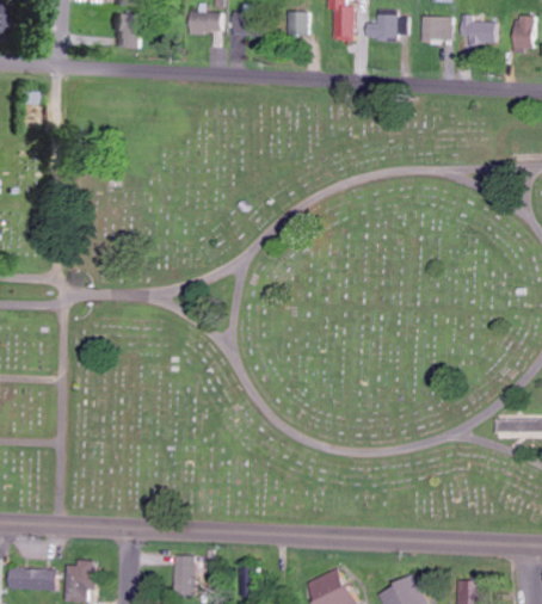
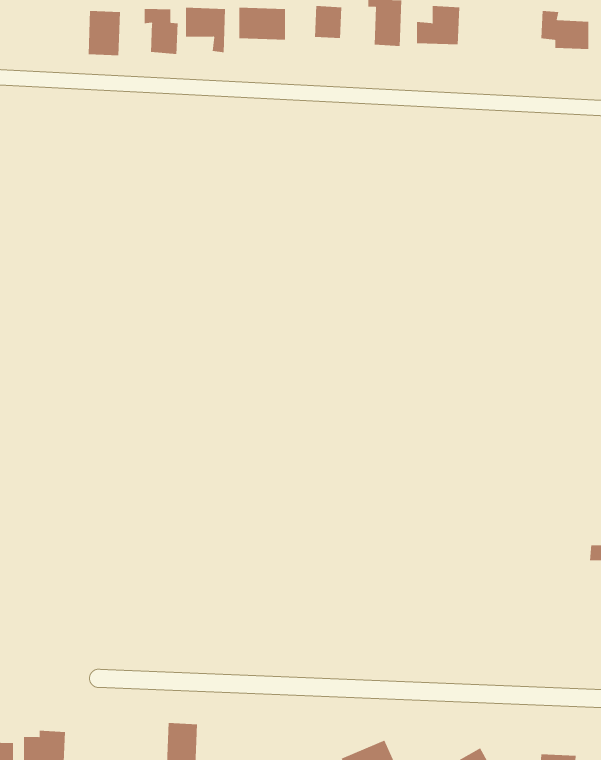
building: none -> [144,8,178,55]
building: [419,17,451,41] -> none

